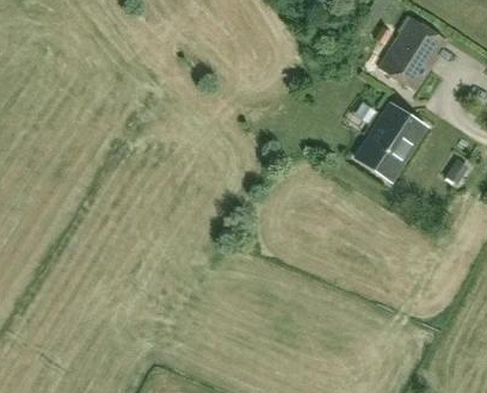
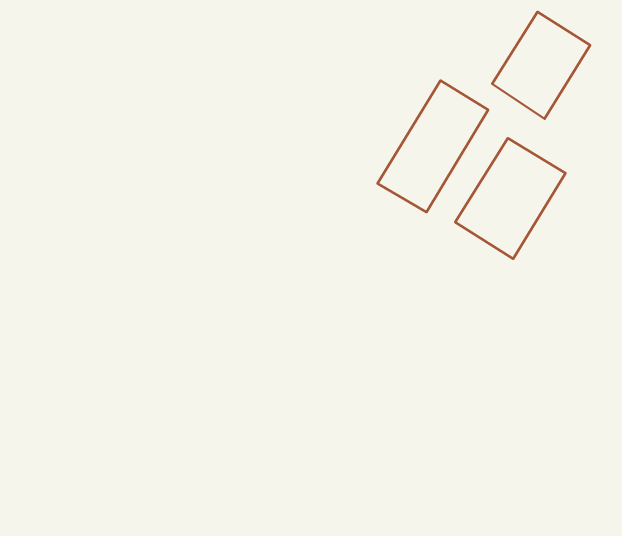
building: none -> [377,80,488,212]

